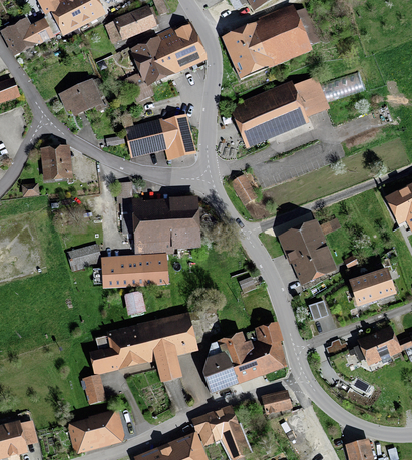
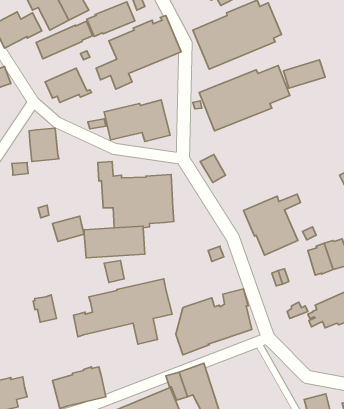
building: none -> [36,21,93,59]
building: [80,373,106,403] -> [33,295,57,322]
building: [261,389,292,414] -> none

